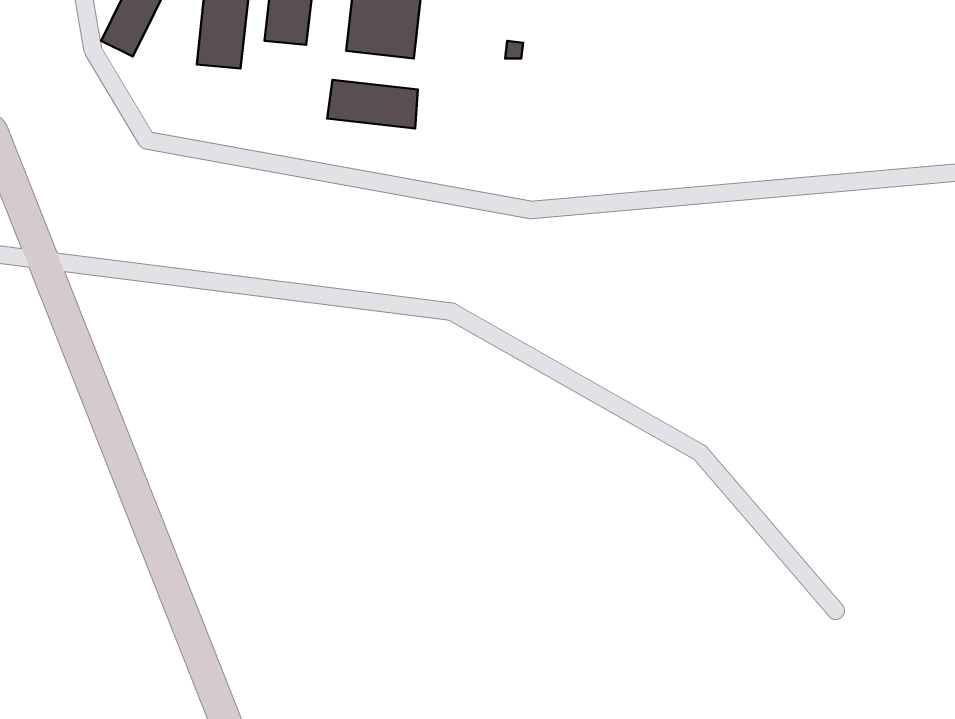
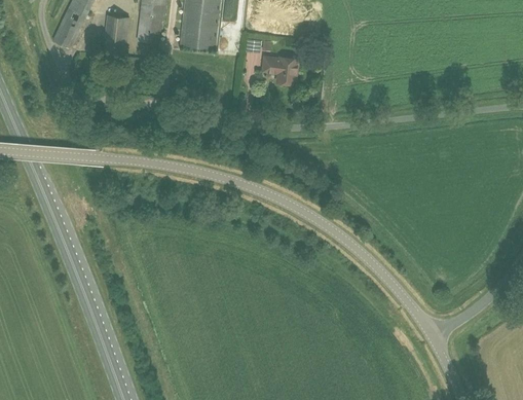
building: none -> [263,56,298,82]
building: [327,80,418,129] -> none

